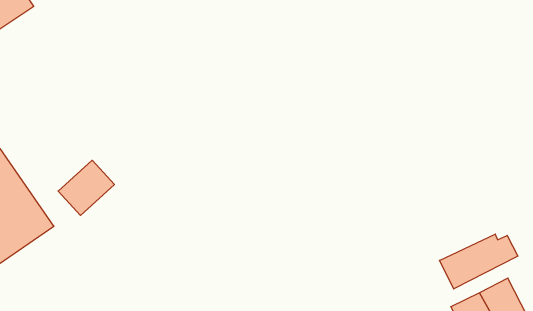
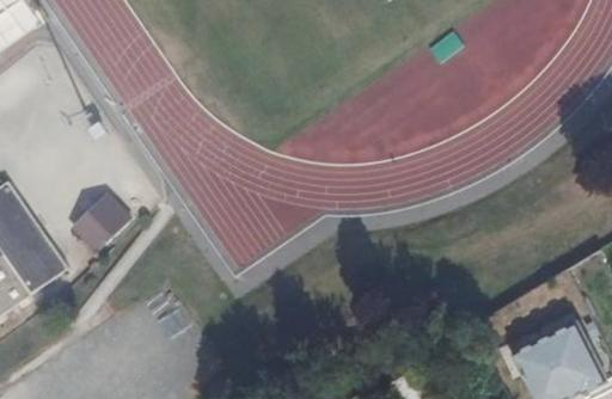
building: [439,234,518,289] -> none

